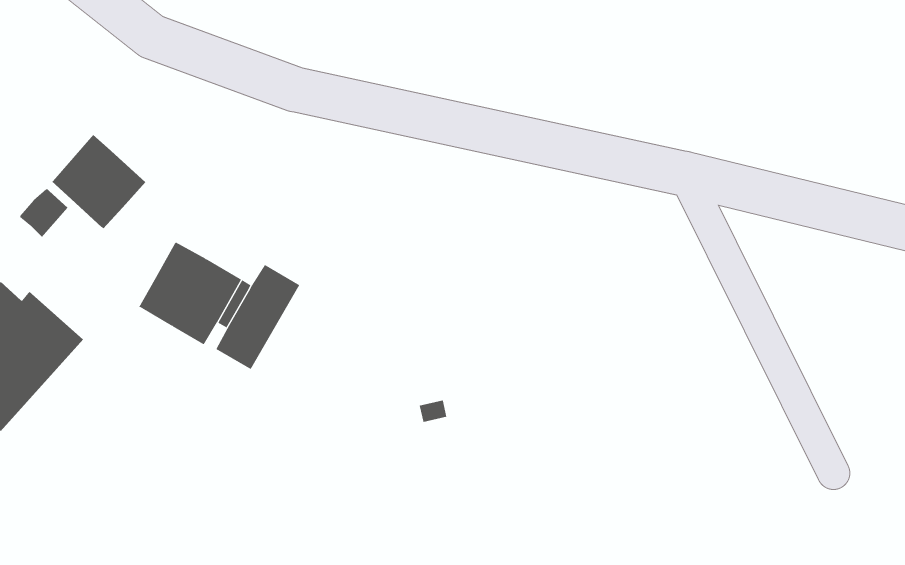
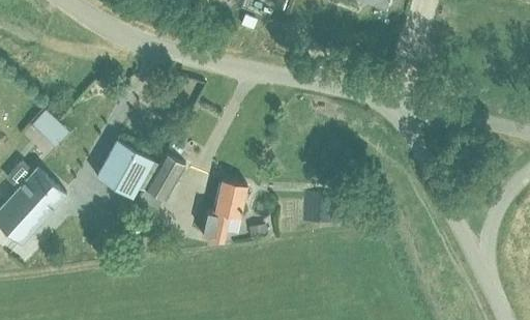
building: [51,134,146,229] -> none
building: none -> [203,181,247,242]

